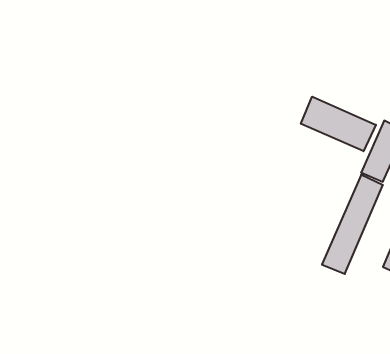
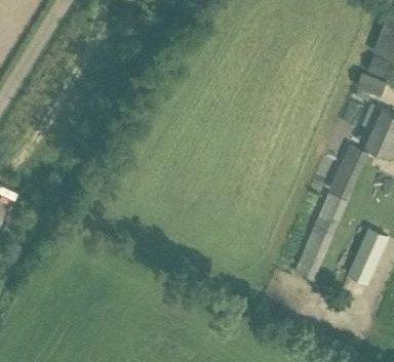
building: [301,97,376,151] -> none

